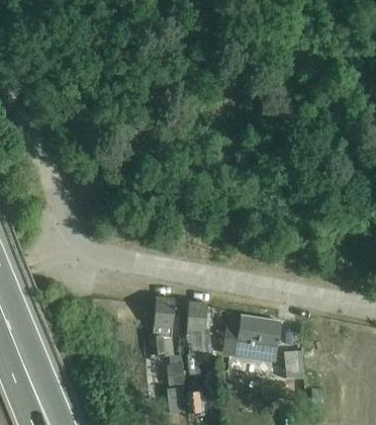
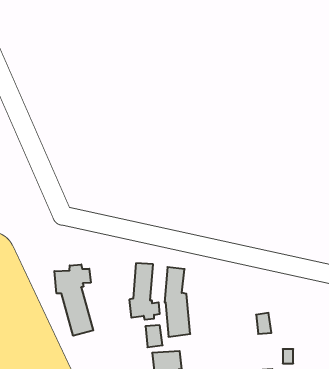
building: none -> [54,264,93,336]
building: [223,316,281,361] -> none

